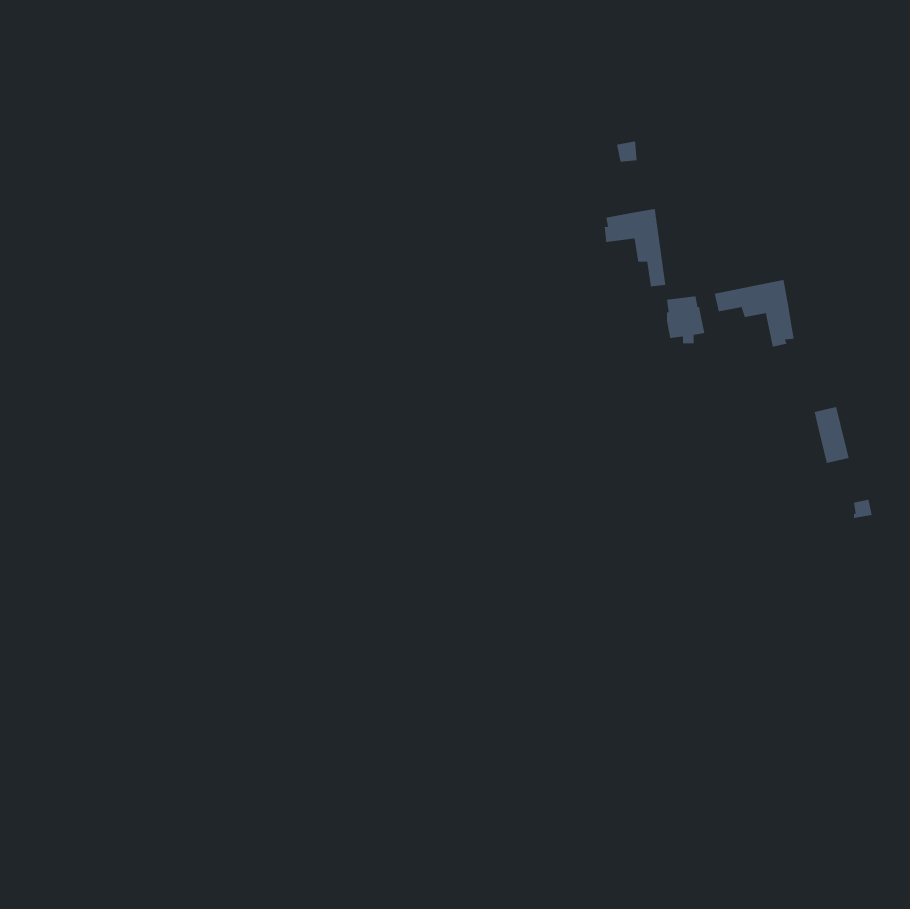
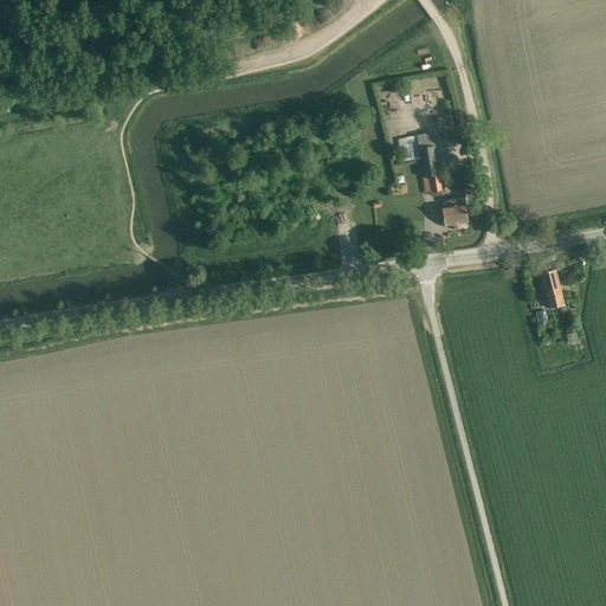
building: [714,279,794,348] -> none

